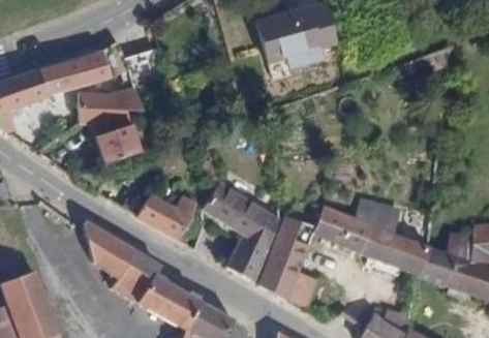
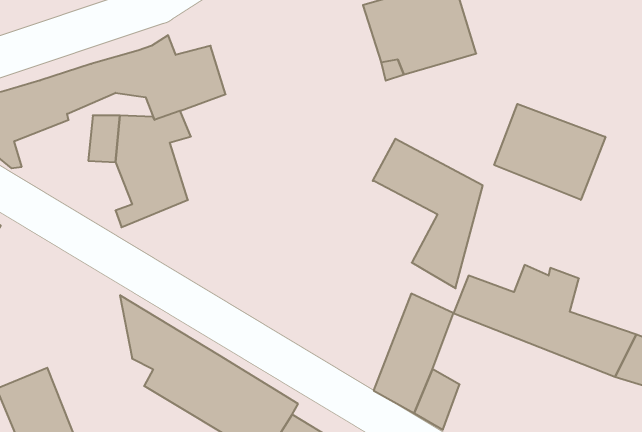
building: none -> [494,104,605,200]
building: [198,182,274,284] -> [373,139,483,288]
building: [136,195,189,240] -> none

